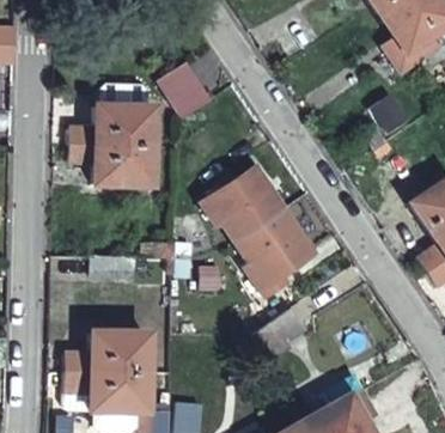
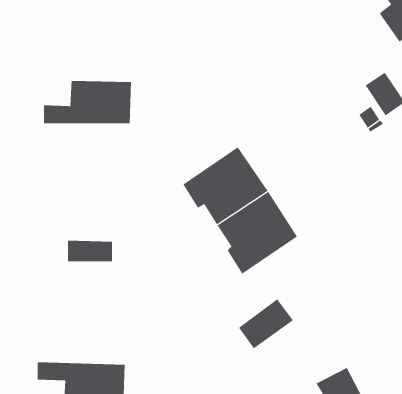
building: [160,61,209,115] -> none
building: [68,146,152,183] -> none
building: [63,331,148,373] -> none

